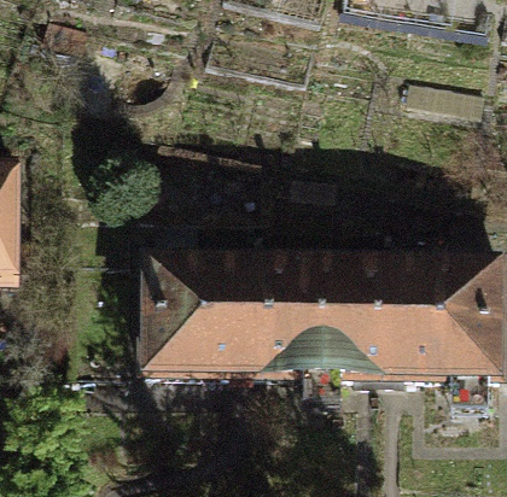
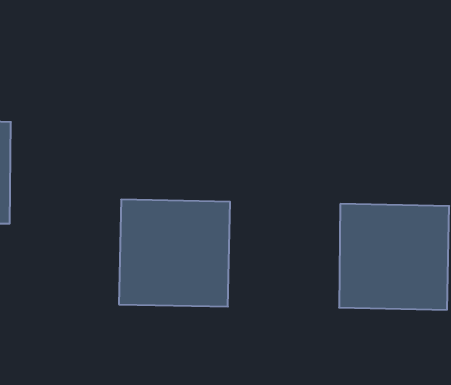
building: [258,253,383,370] -> none

